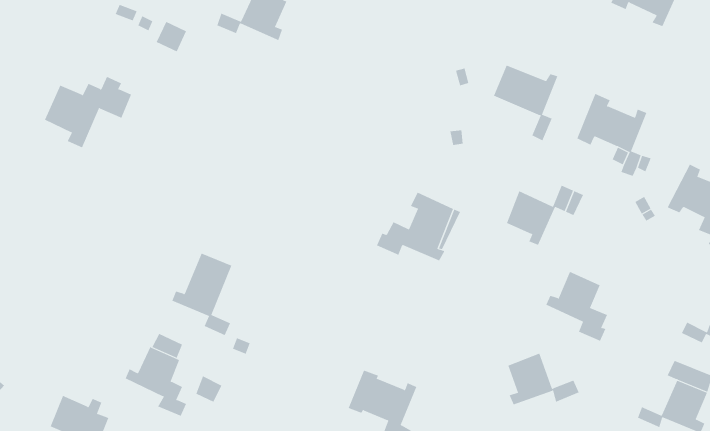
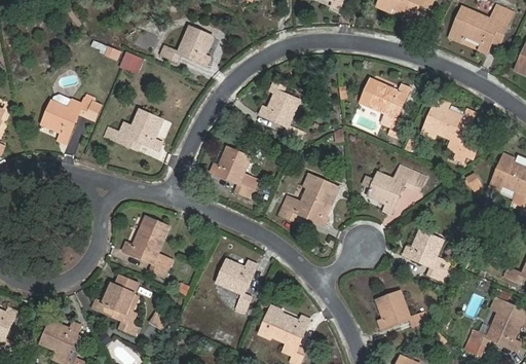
building: none -> [260,87,303,139]
building: none -> [109,109,161,148]
building: none -> [208,144,256,195]
building: none -> [214,258,255,311]

